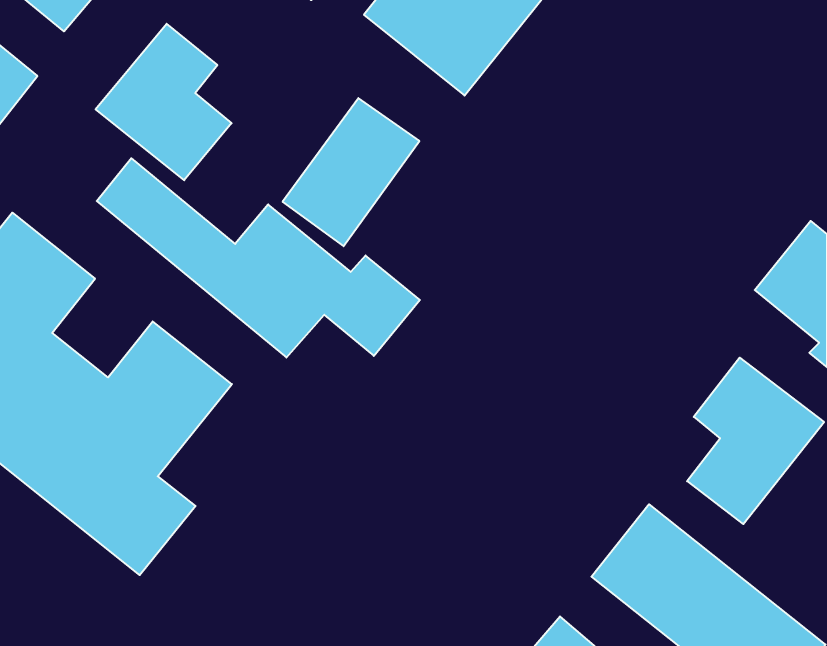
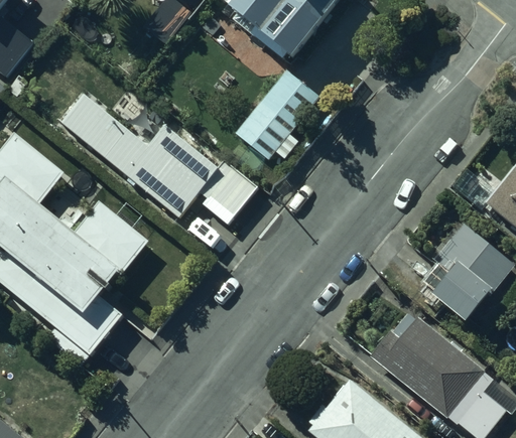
building: [96,24,232,180] -> none
building: [283,98,419,246] -> [237,69,320,160]

